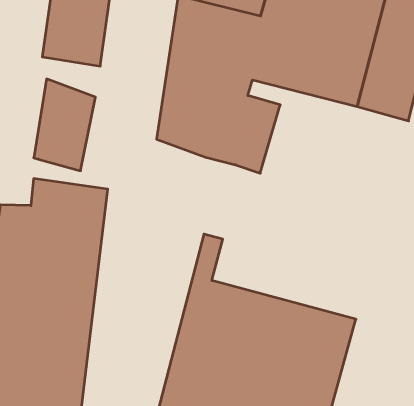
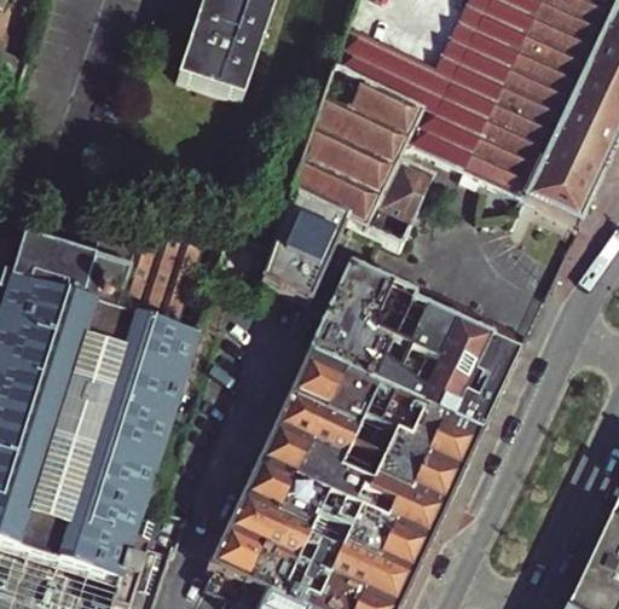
building: [34,79,95,171] -> [260,193,342,304]
building: none -> [325,267,519,437]

